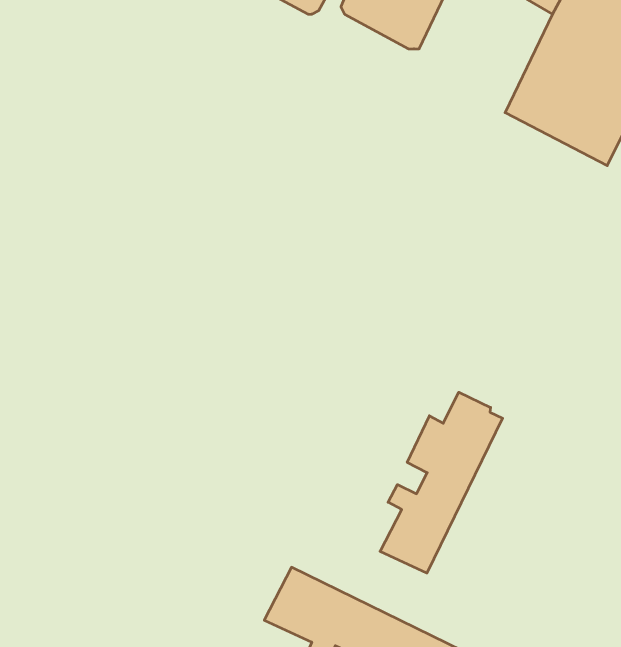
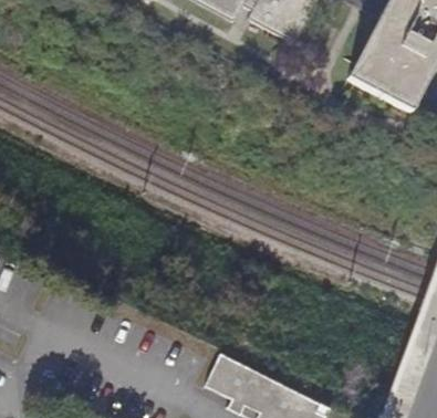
building: [380,392,503,573] -> none

